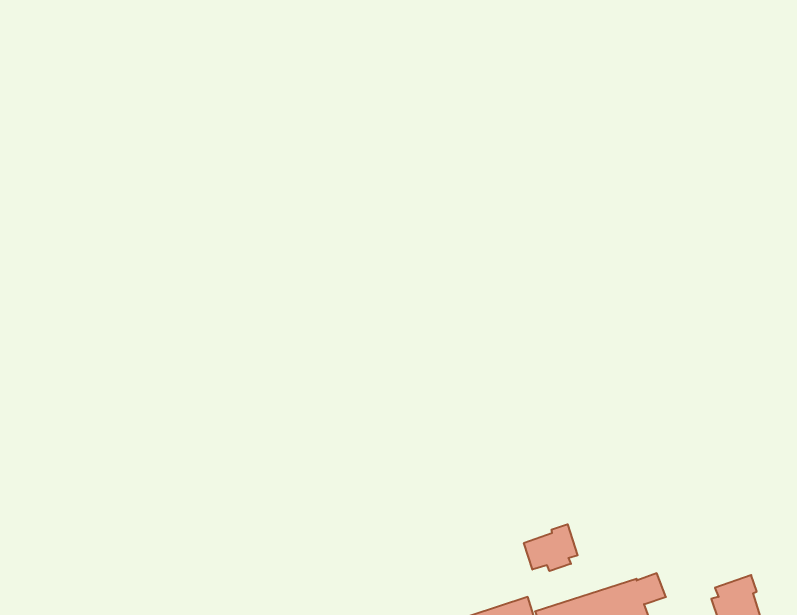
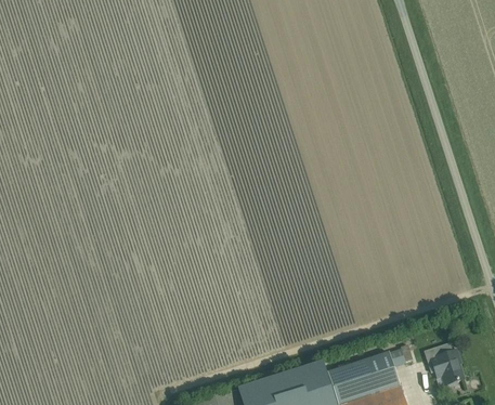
building: [524,524,578,571] -> none

